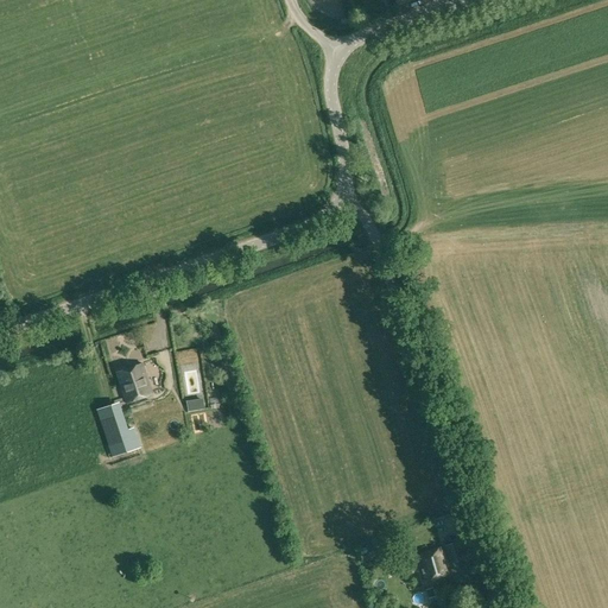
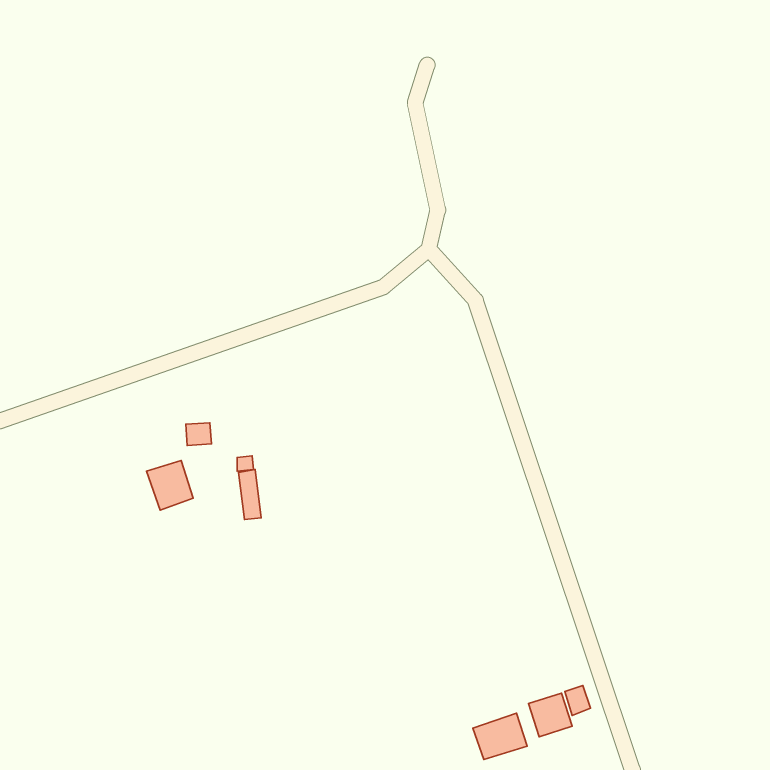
building: [97,403,138,455] -> none
building: none -> [473,713,527,759]

